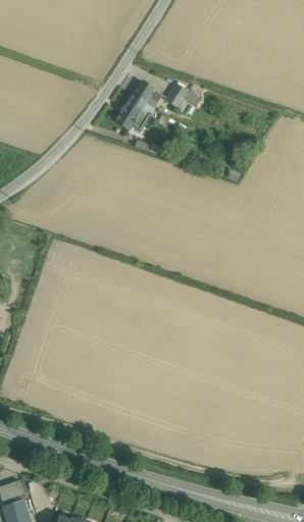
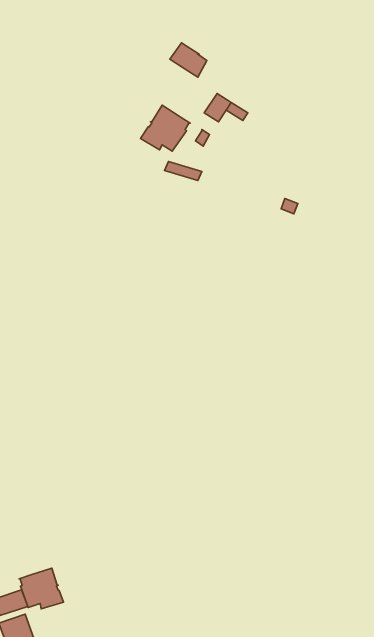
building: [132,80,161,107] -> [170,43,207,77]
building: none -> [19,568,63,609]

